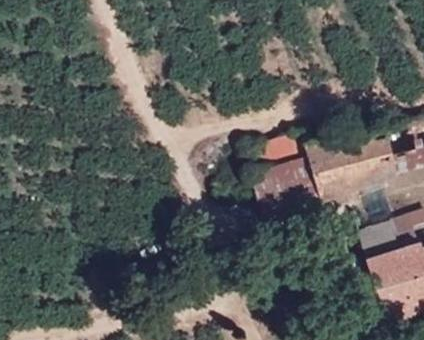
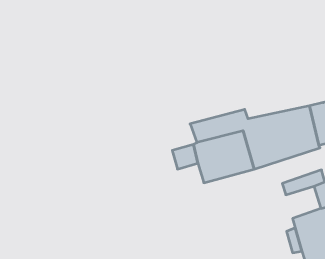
building: [372,227,413,265] -> none

